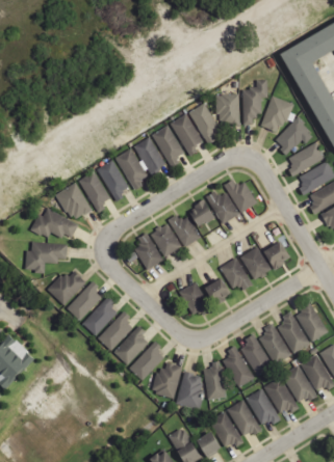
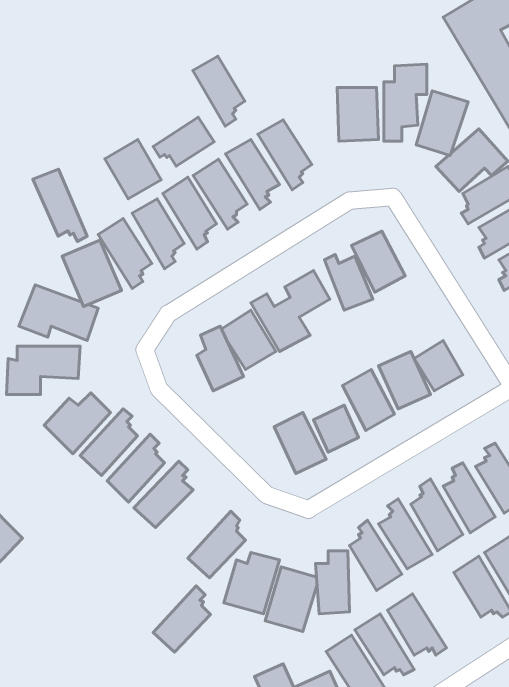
building: [189,103,220,143] -> [193,56,245,126]
building: none -> [153,117,214,166]
building: none -> [105,139,161,199]
building: none -> [33,169,87,242]
building: [114,325,148,363] -> [153,586,211,652]
building: [265,376,300,411] -> none

